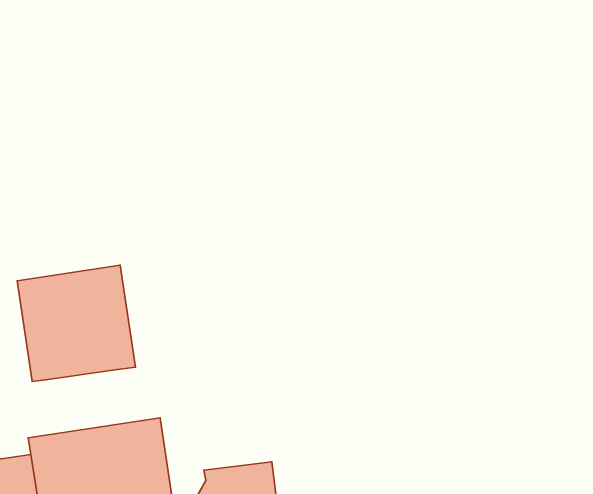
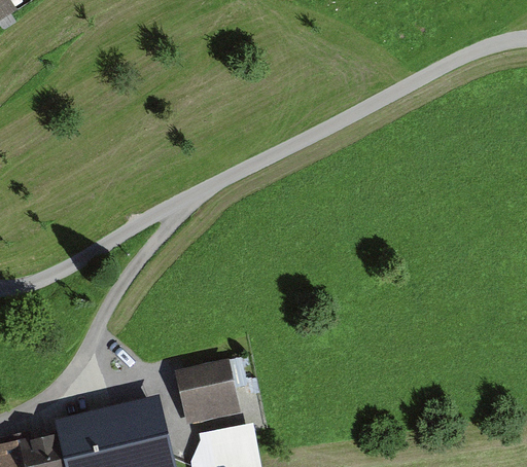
building: [17,265,135,382] -> none
building: none -> [174,359,240,426]

